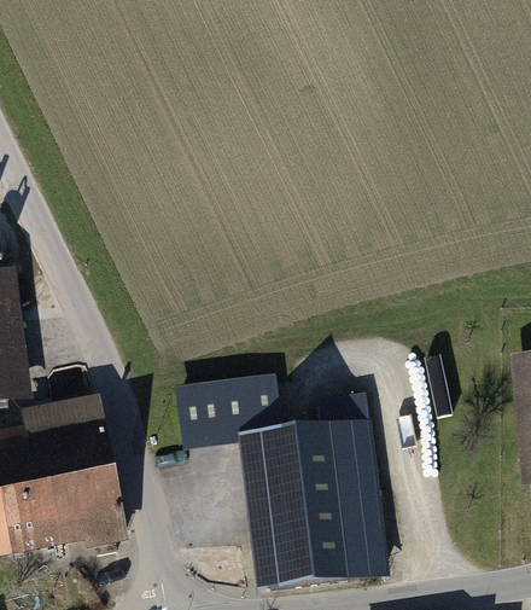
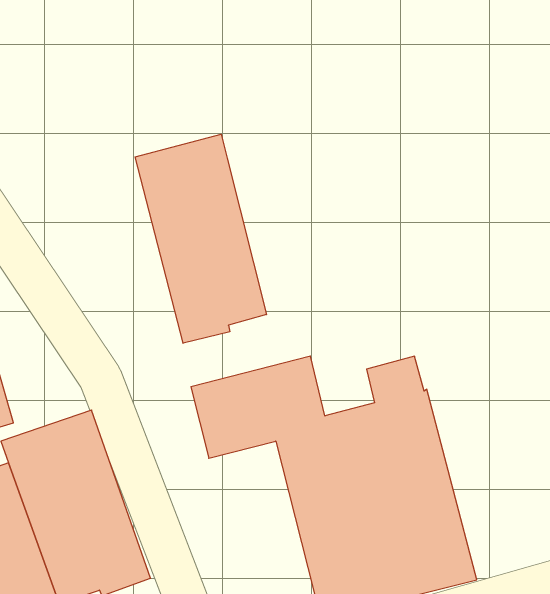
building: none -> [135,134,266,343]

